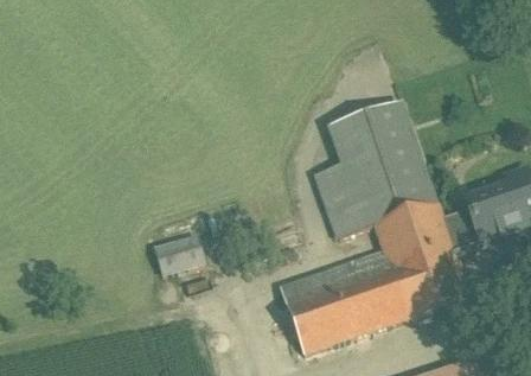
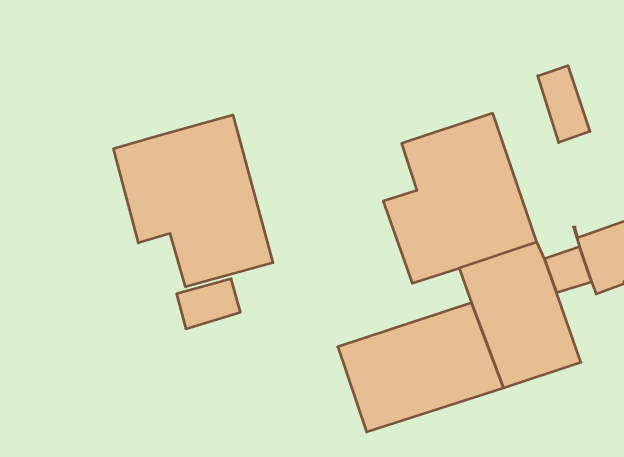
building: none -> [538,66,590,143]
building: none -> [114,115,273,287]

